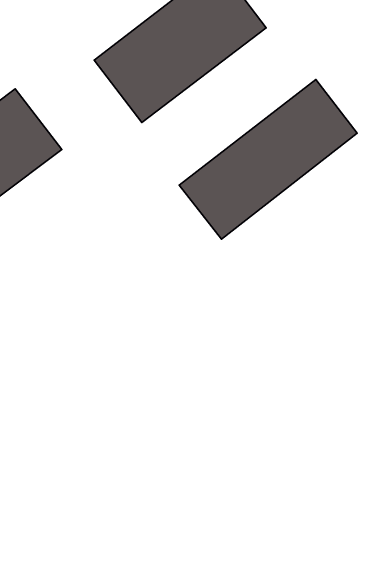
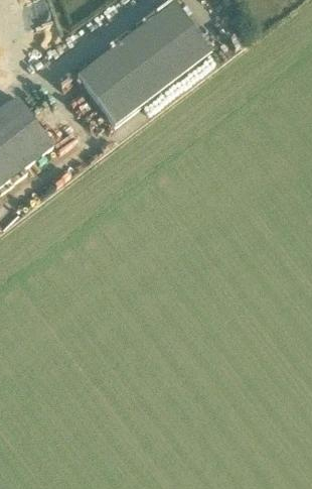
building: [179,80,357,239] -> none

